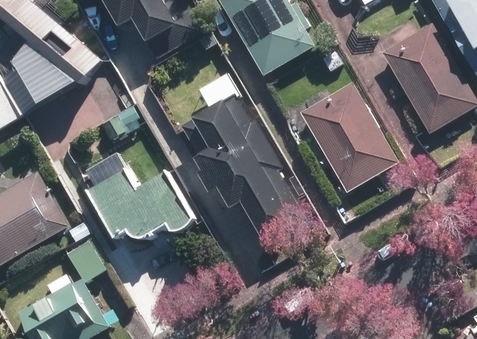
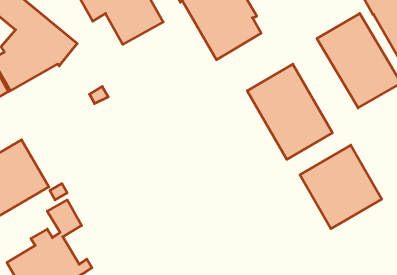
building: [180,98,304,243] -> none
building: [85,169,192,241] -> none
building: none -> [300,145,382,229]

